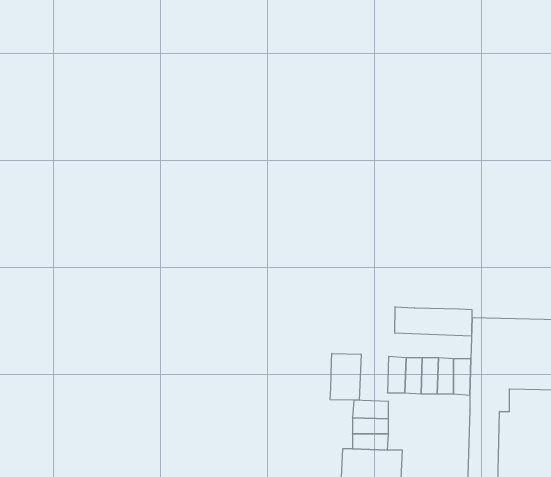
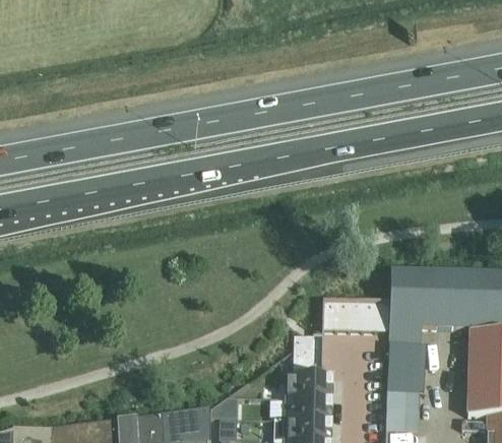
building: [395,307,472,336] -> none
building: [330,353,361,400] -> none

